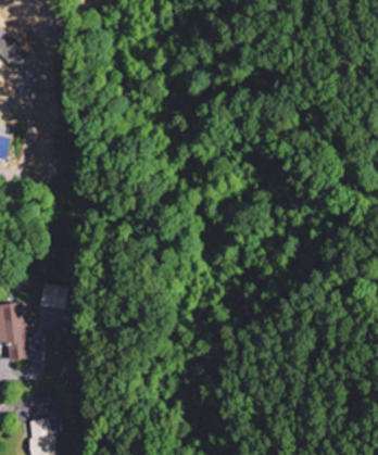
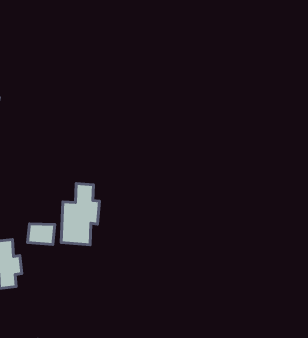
building: none -> [61,183,99,245]

